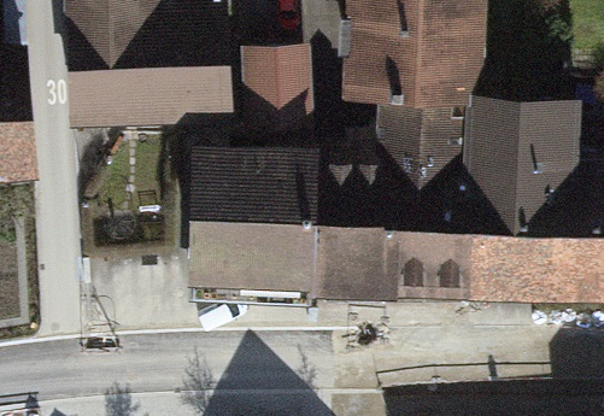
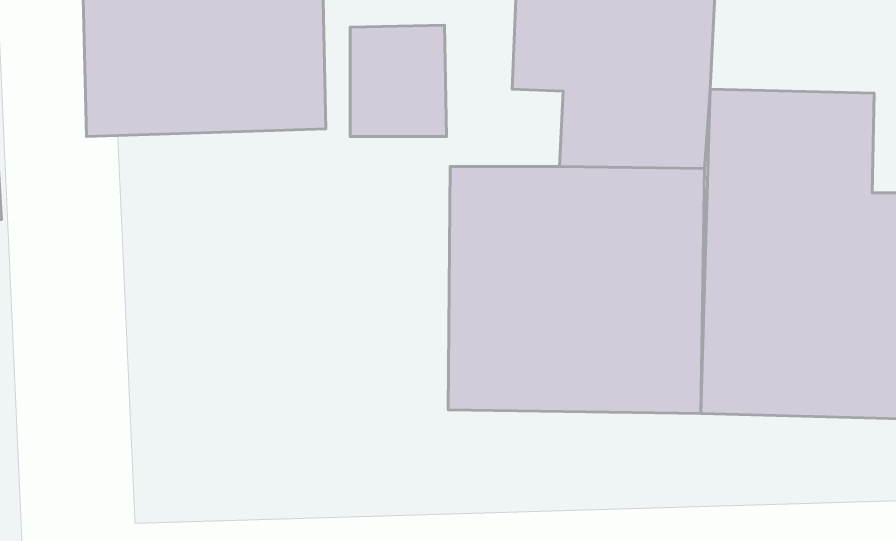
building: [192,141,309,280] -> none

